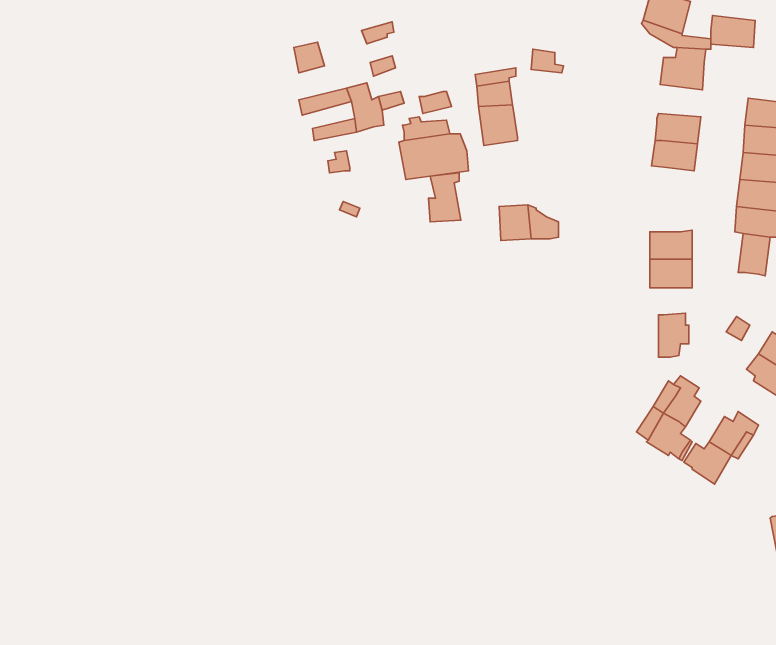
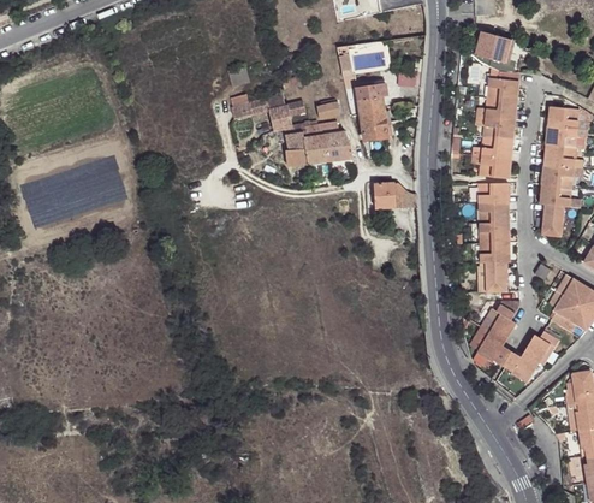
building: [711,15,755,48] -> [486,97,517,120]
building: none -> [480,155,511,178]
building: [429,173,461,222] -> [284,131,307,166]
building: none -> [479,183,510,202]
building: none -> [480,242,511,261]

